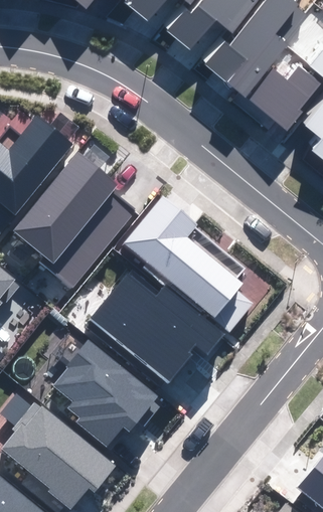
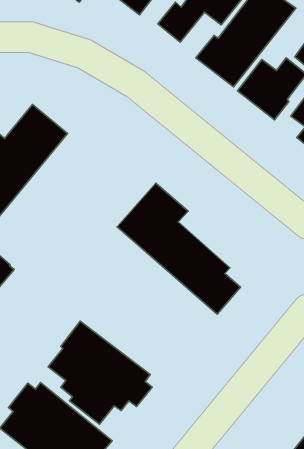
building: [13,152,134,289] -> none
building: [90,274,224,383] -> none

